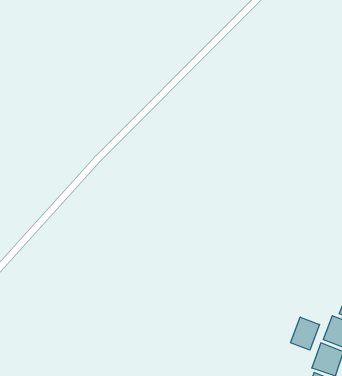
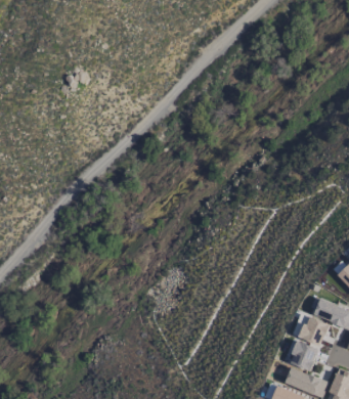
building: [290,317,320,350] -> none

